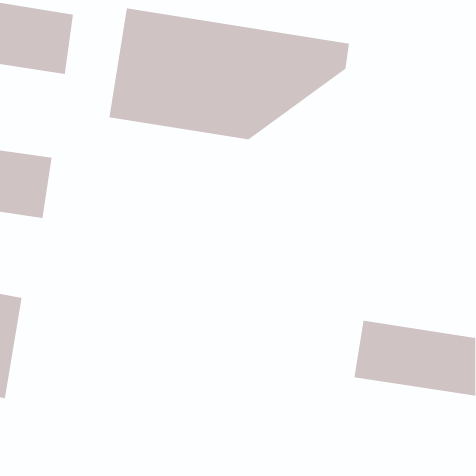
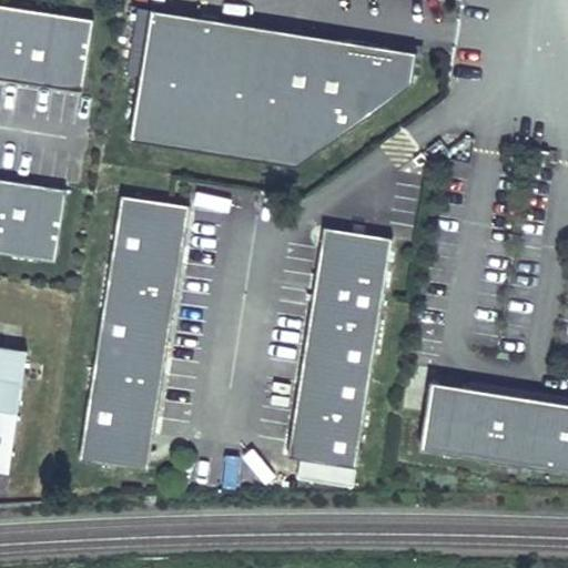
building: none -> [79,195,190,471]
building: none -> [286,229,392,469]

